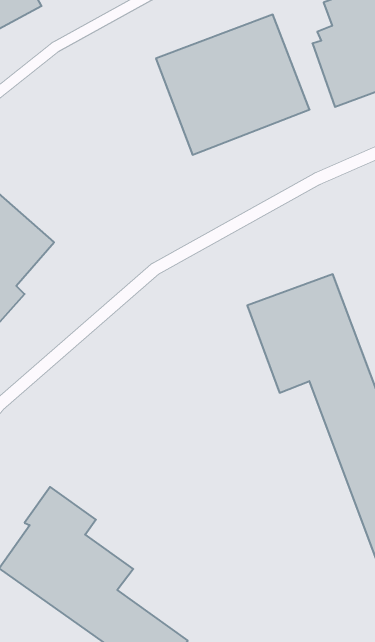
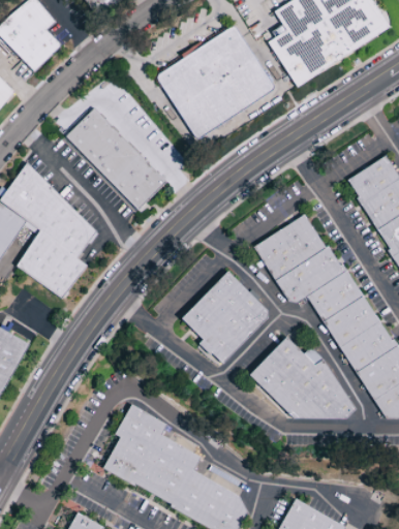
building: none -> [64,106,167,212]
building: none -> [182,271,272,365]
building: none -> [250,336,355,417]

